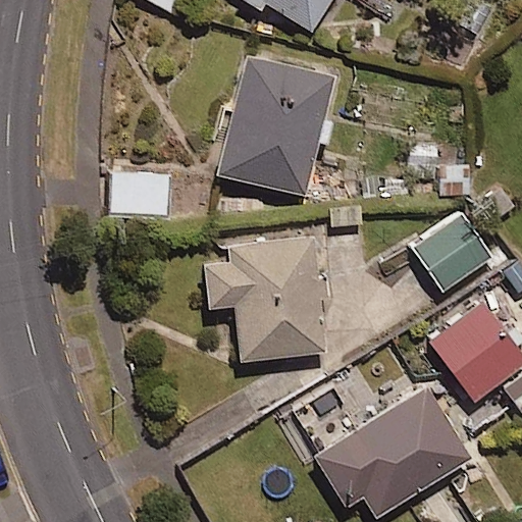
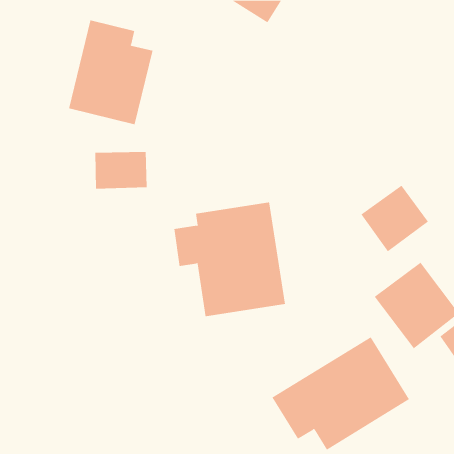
building: none -> [68,20,153,125]
building: [216,56,334,195] -> none

